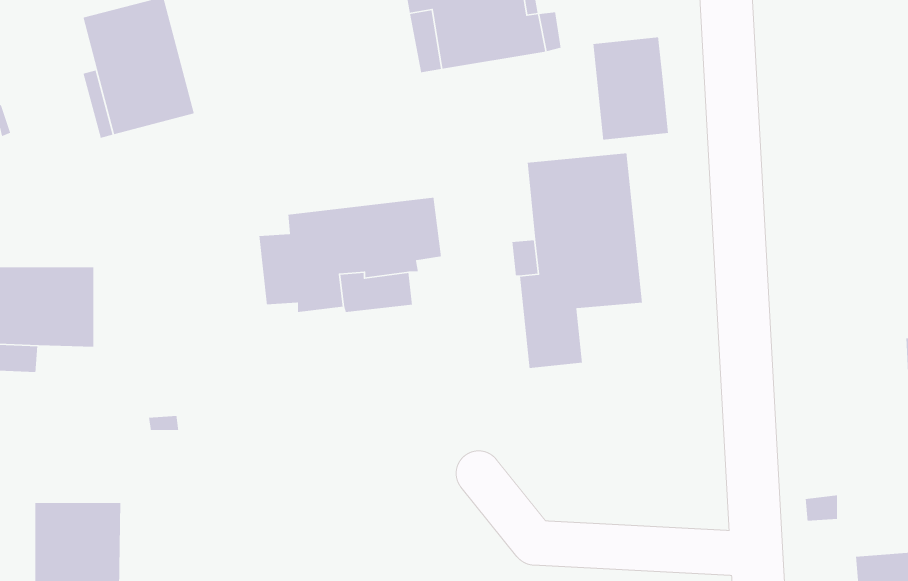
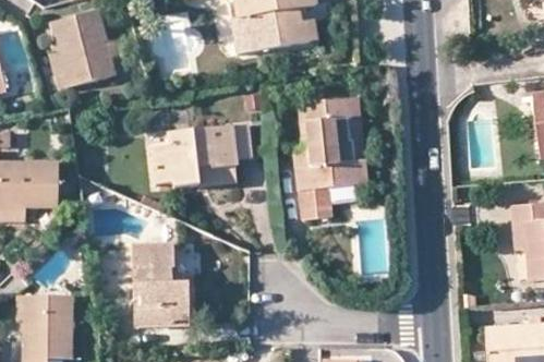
building: [593,37,669,140] -> none
building: none -> [132,242,189,326]

